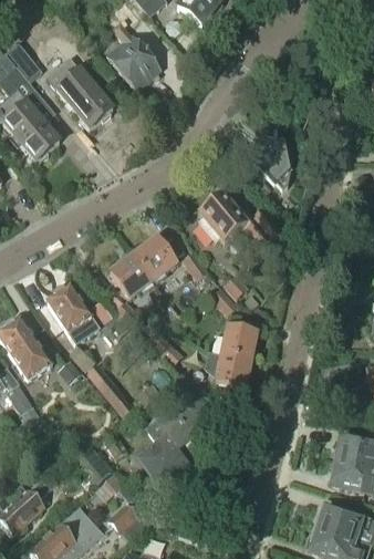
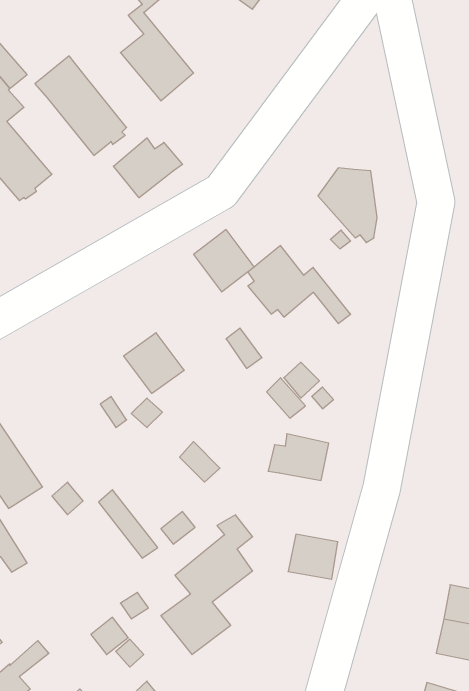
building: none -> [113,138,183,198]
building: [134,237,177,281] -> [194,230,254,292]
building: [48,284,100,342] -> none
building: [216,354,251,386] -> [288,534,338,579]

